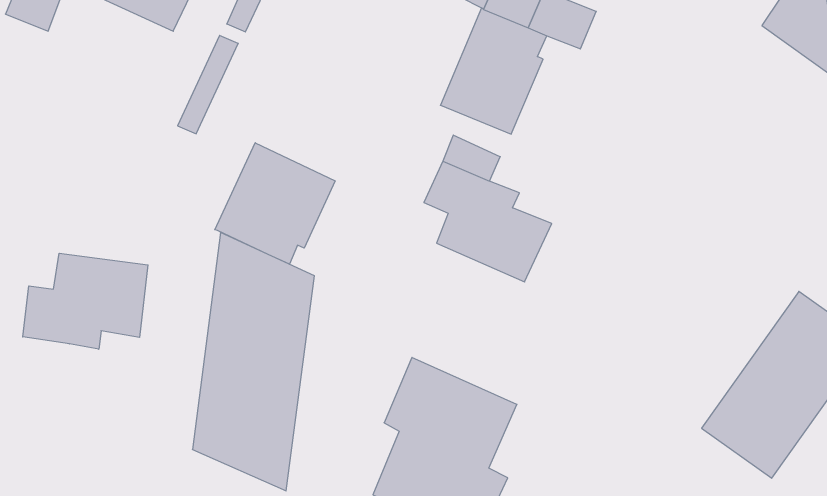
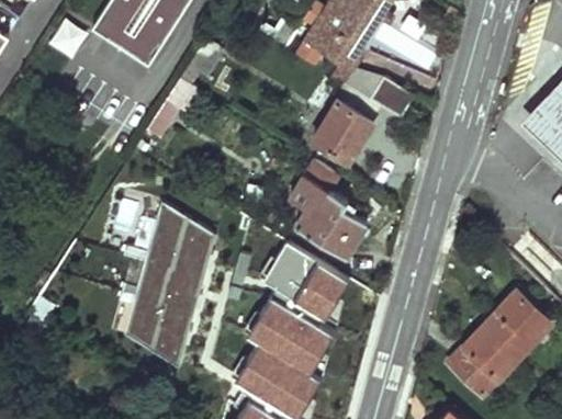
building: [215,143,335,264] -> none
building: [23,253,148,349] -> none
building: none -> [261,241,346,319]

